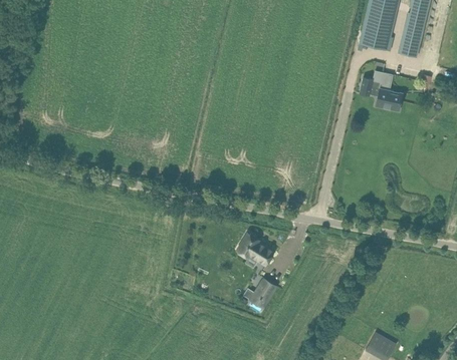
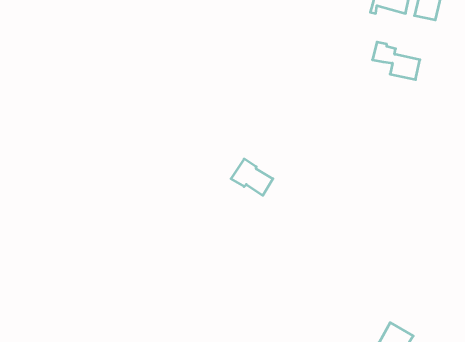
building: [236,232,274,265] -> [231,159,273,195]
building: [250,277,277,308] -> none

